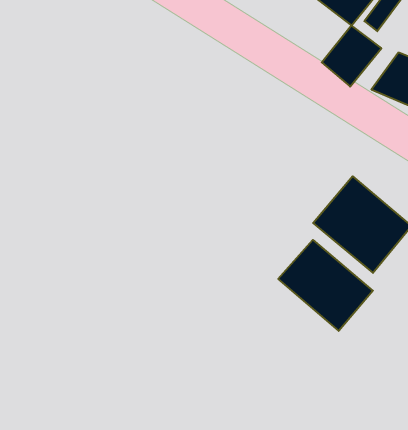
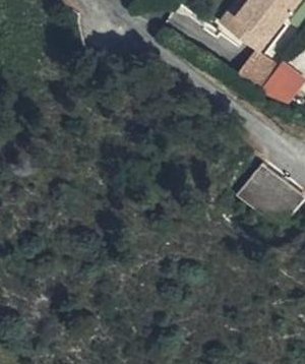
building: [278,240,373,331] -> none

